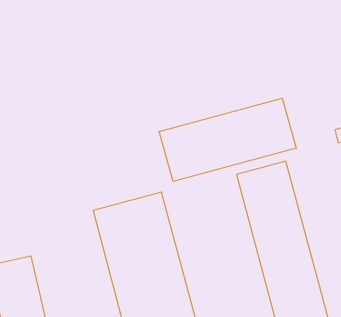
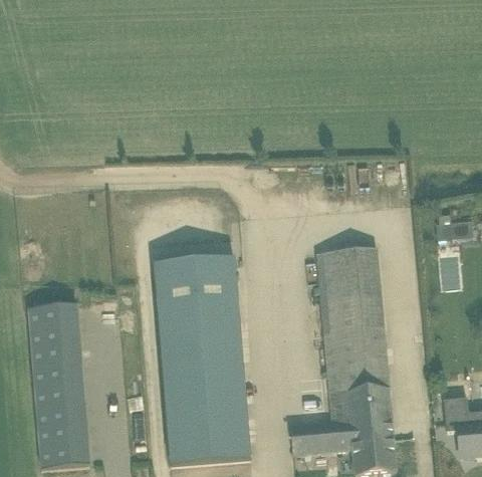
building: [159,98,296,181] -> none

